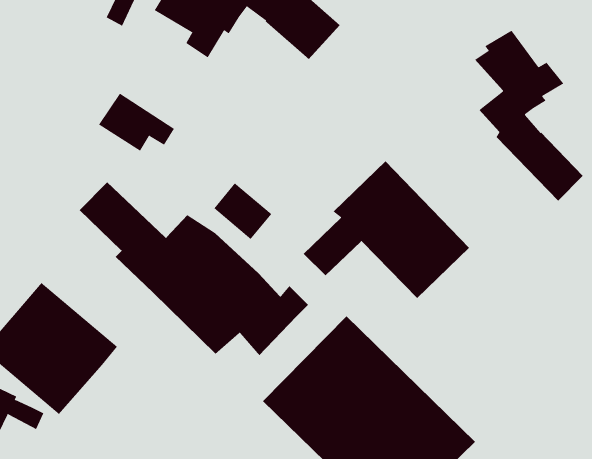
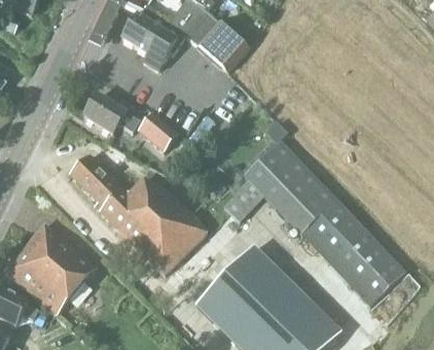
building: [474,30,583,201] -> none
building: [213,183,272,240] -> [138,111,178,150]
building: none -> [301,199,405,305]

